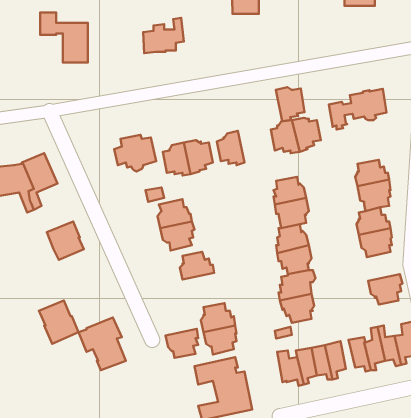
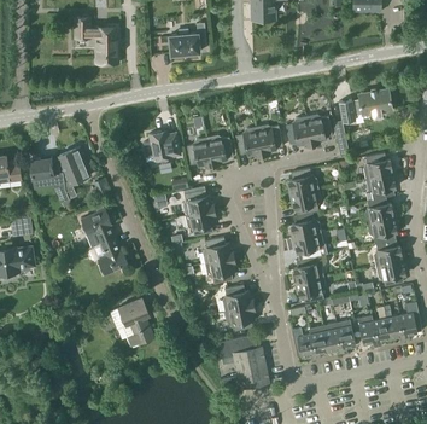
building: [276,87,305,121] -> [256,123,282,155]
building: none -> [373,237,404,263]
building: [39,300,78,344] -> [92,234,128,274]
building: [165,329,198,358] -> [205,256,235,283]

